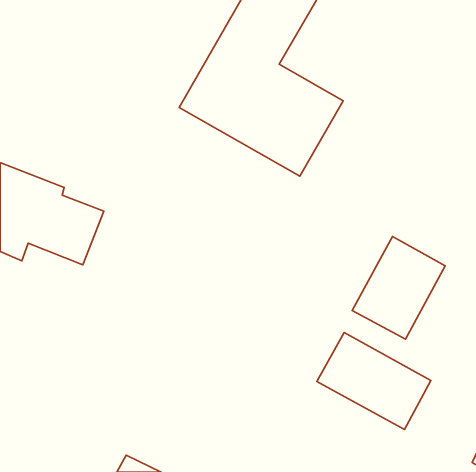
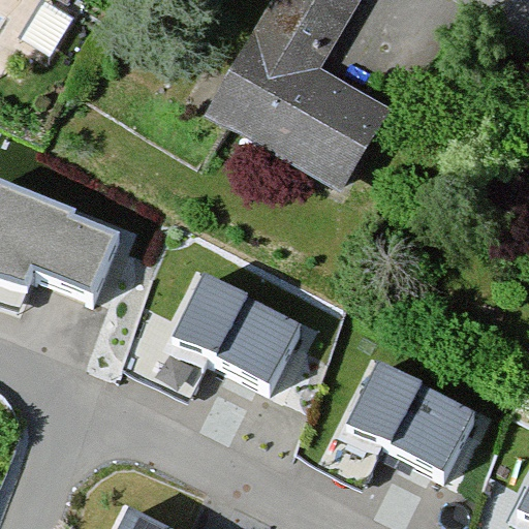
building: [352,237,445,339] -> none
building: none -> [178,278,303,384]

